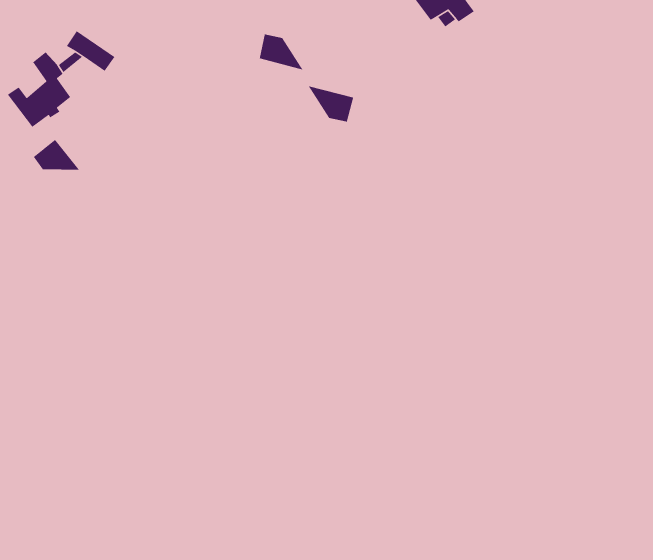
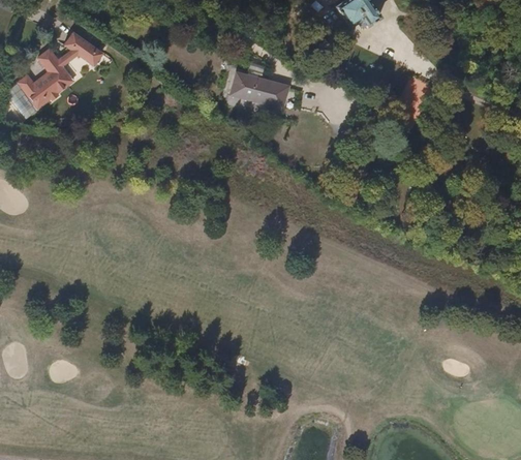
building: [259,33,304,71] -> [232,71,267,100]
building: [33,139,80,171] -> none

